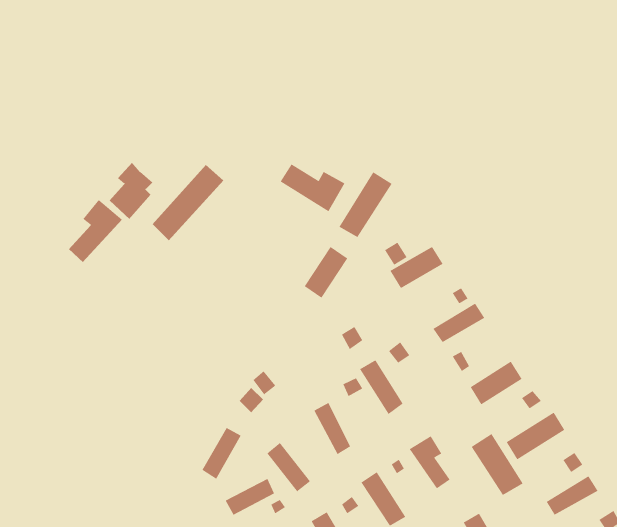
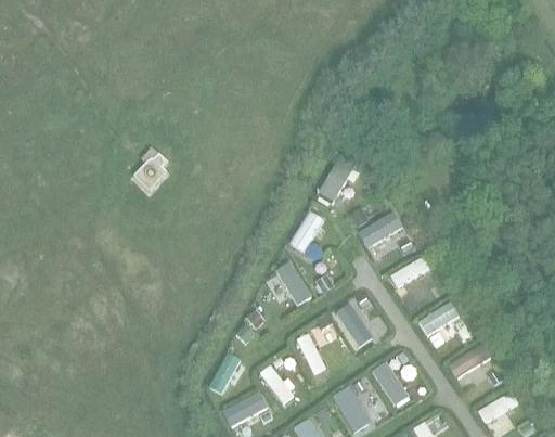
building: [280,164,345,212] -> none
building: [152,164,224,241] -> none
building: [68,199,123,263] -> none
building: none -> [274,261,312,307]
building: [471,433,523,496] -> none

